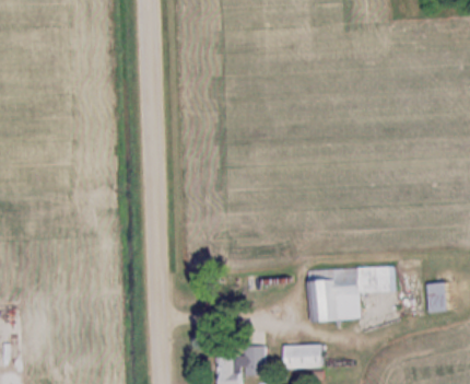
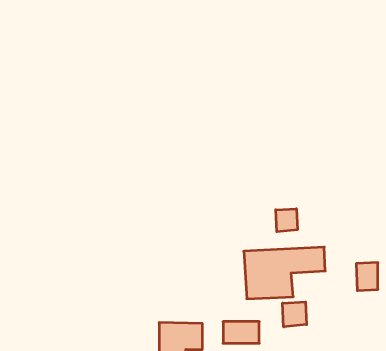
building: none -> [276,209,297,232]
building: none -> [283,302,307,327]

